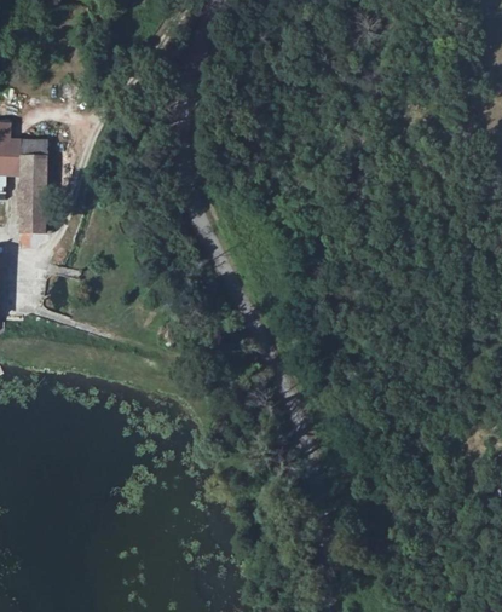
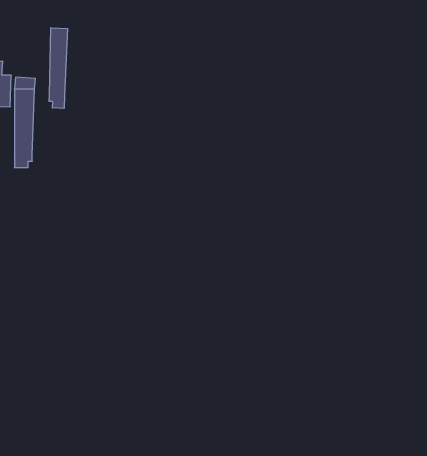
building: none -> [49,28,68,108]

